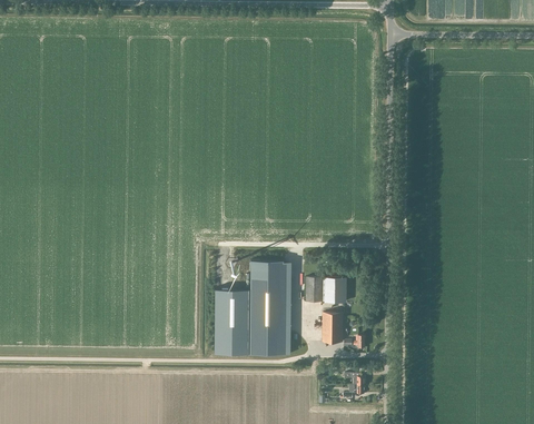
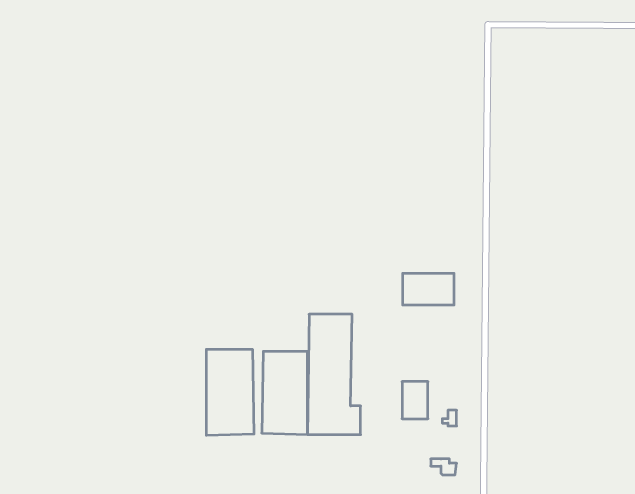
building: [306,278,346,303] -> [403,273,454,305]
building: none -> [206,349,254,435]

